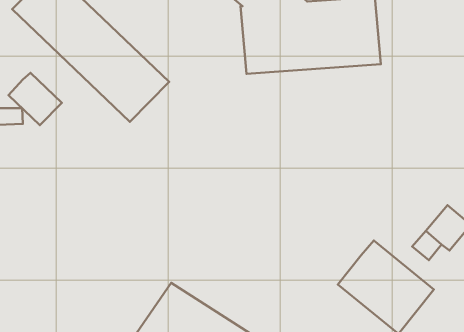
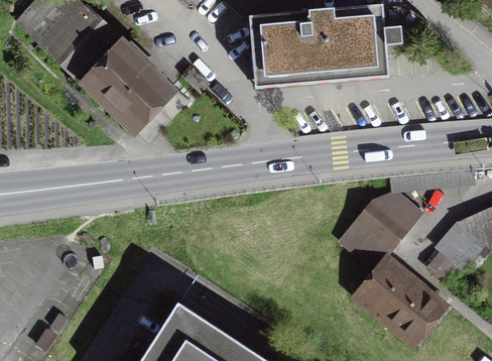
building: [8,73,62,125] -> none
building: none -> [339,195,420,272]

